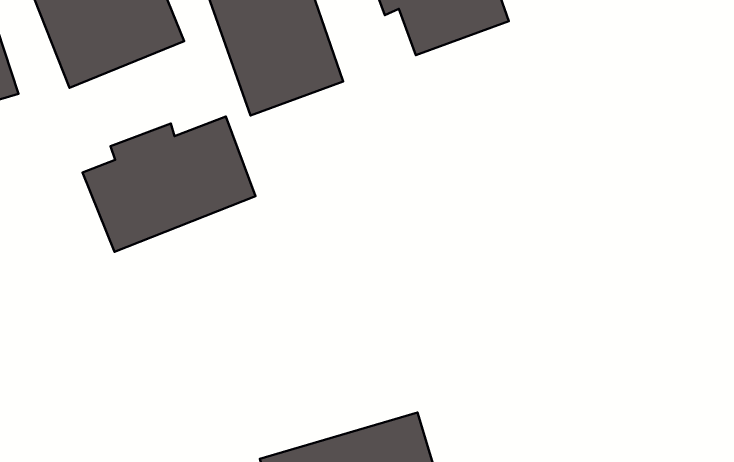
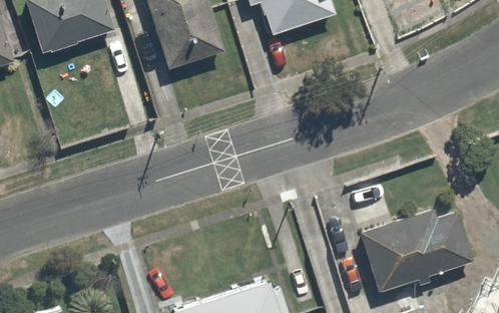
building: [82,116,256,252] -> none
building: none -> [361,200,473,294]

